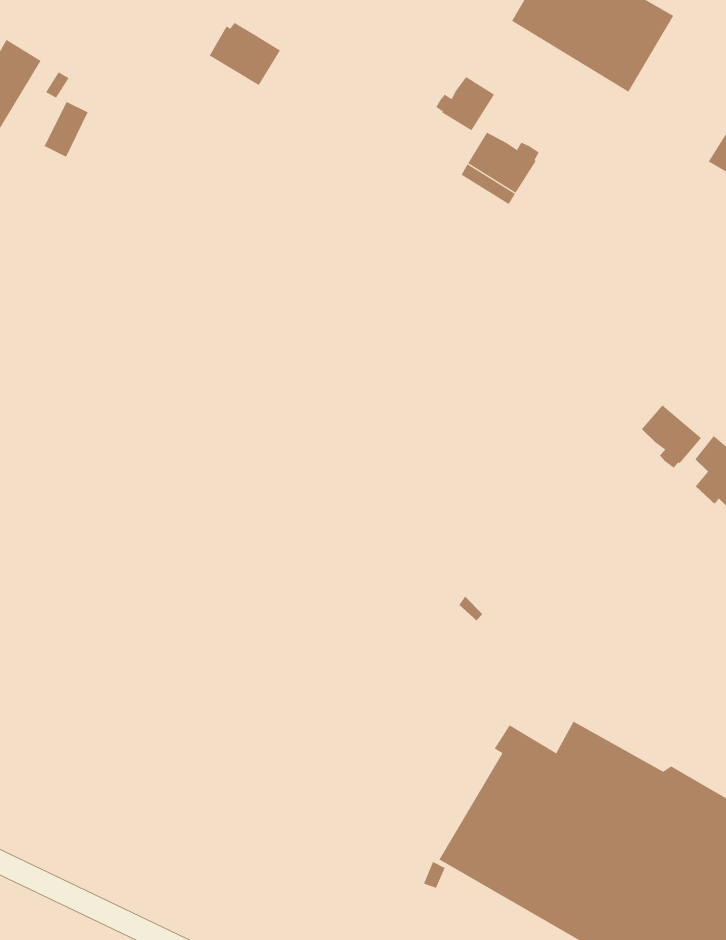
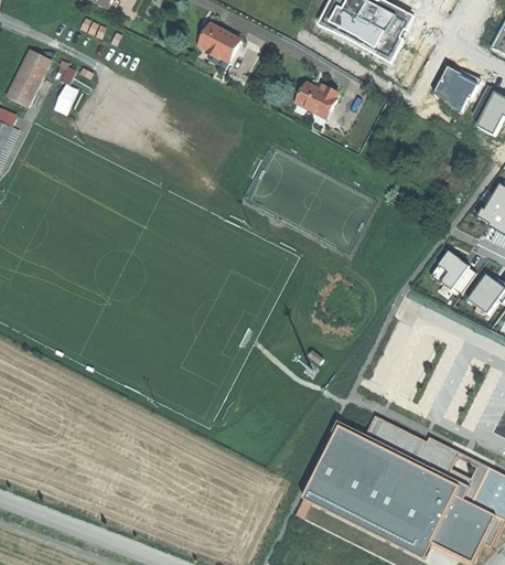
building: [209,22,281,86] -> [200,25,240,61]
building: [436,76,495,131] -> none
building: [641,404,702,469] -> none

